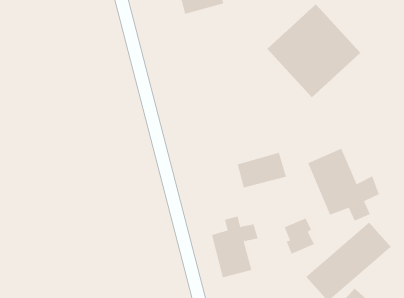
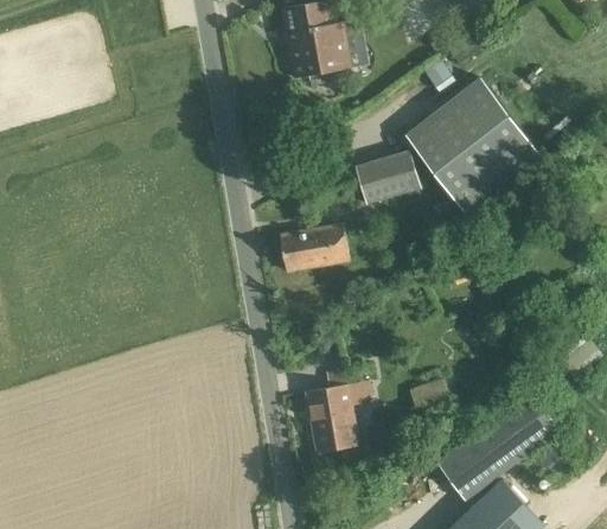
building: none -> [353,149,420,205]
building: [307,148,380,221] -> none
building: [237,152,287,188] -> [280,224,349,270]

